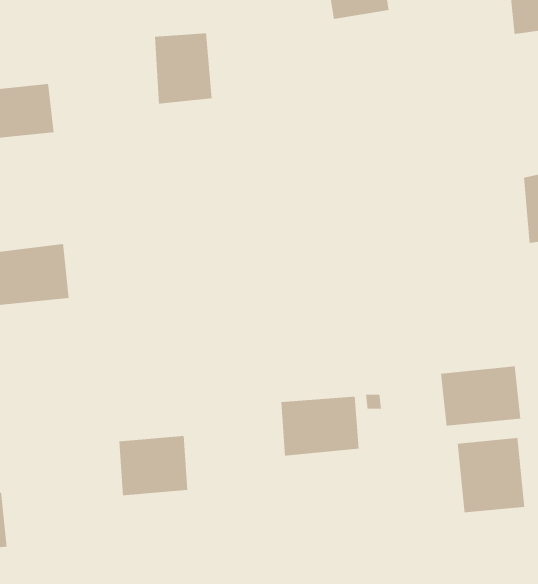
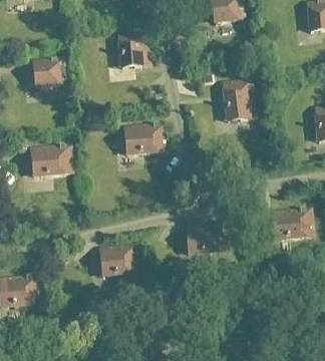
building: none -> [221,79,254,122]
building: none -> [122,123,165,154]
building: [457,437,525,513] -> none

